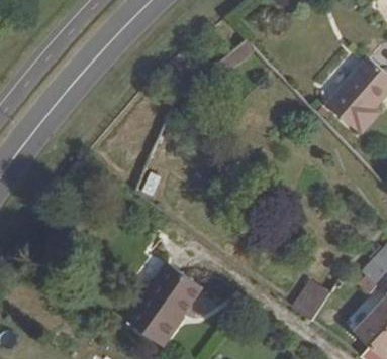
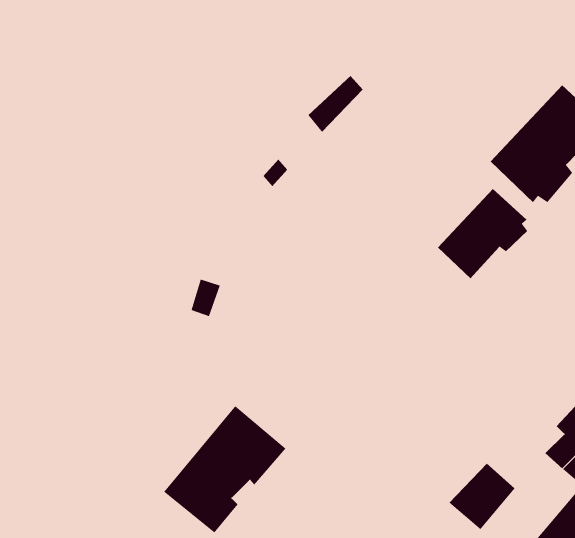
building: none -> [437,188,528,279]

